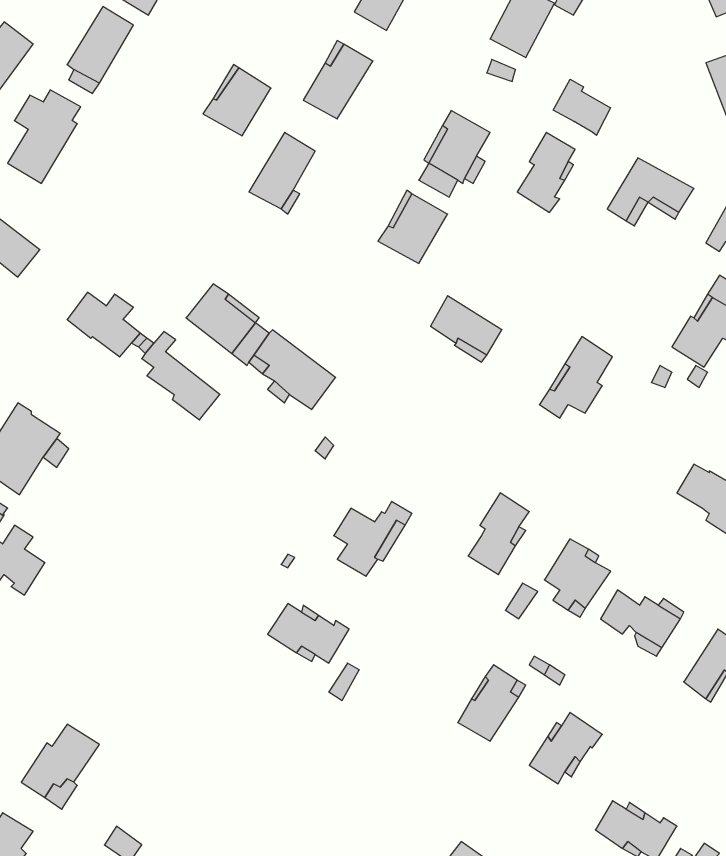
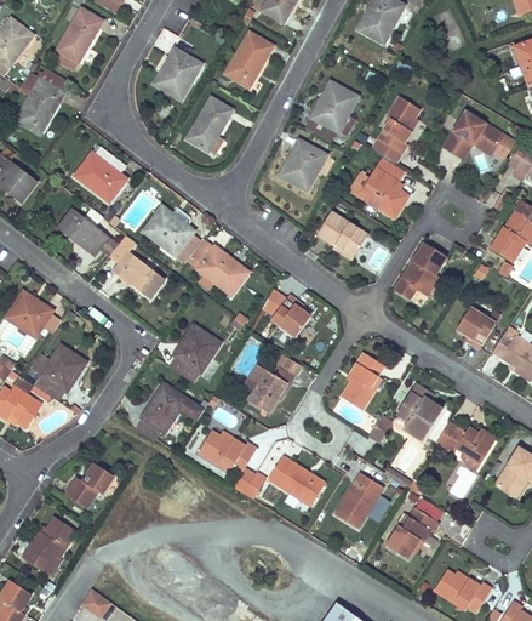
building: [553,79,611,135] -> none
building: none -> [74,146,126,201]
building: none -> [362,158,408,217]
building: none -> [269,294,309,335]
building: none -> [453,306,499,348]
building: none -> [171,323,219,381]
building: none -> [30,342,86,399]
building: none -> [139,381,204,431]
building: none -> [268,456,325,507]
building: none -> [65,462,114,507]

